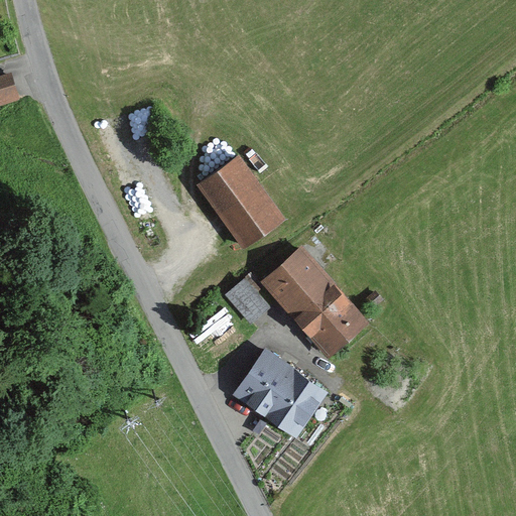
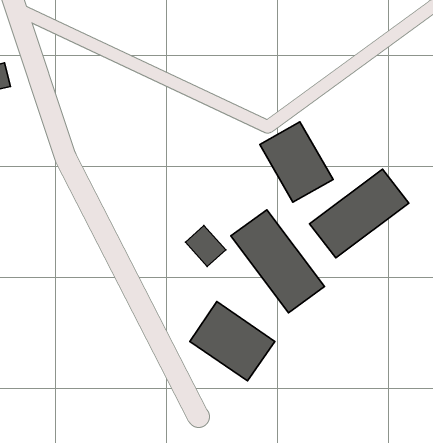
building: [200,157,284,250] -> [260,122,333,202]
building: none -> [310,169,409,258]

